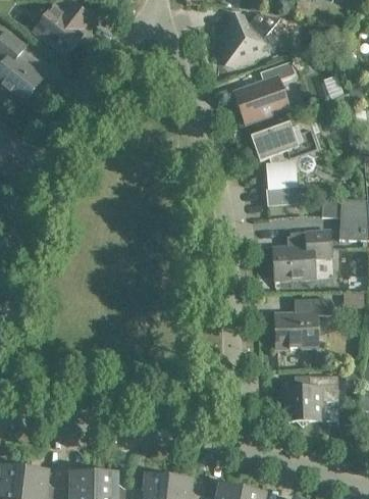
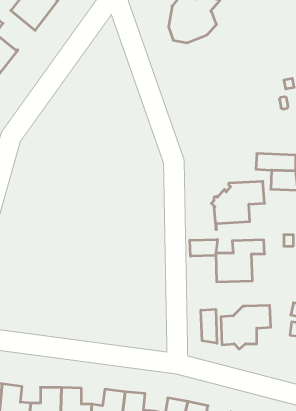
building: [231,60,295,126] -> none
building: [250,114,322,205] -> none
building: none -> [190,239,217,256]
building: none -> [201,309,217,343]

